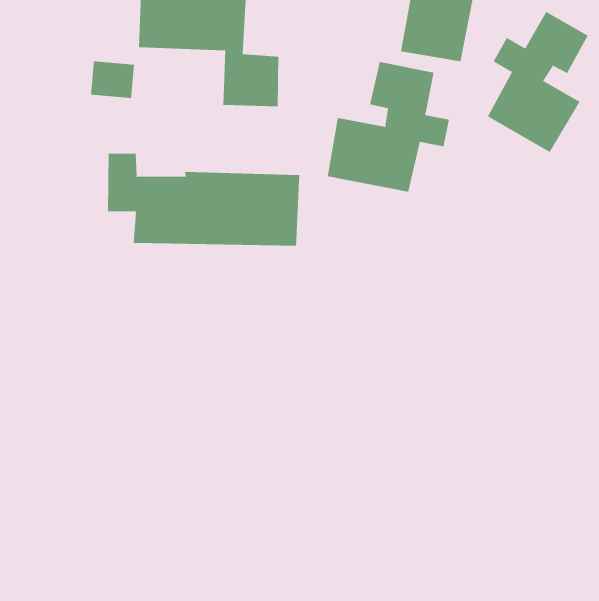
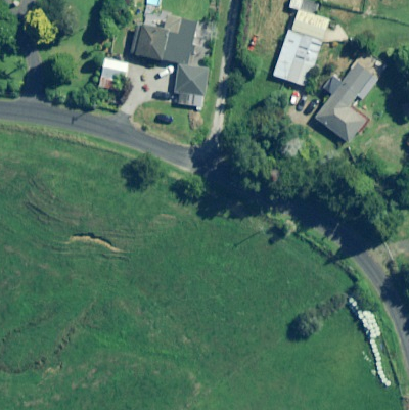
building: [327,61,450,193] -> none
building: [108,153,300,247] -> none

